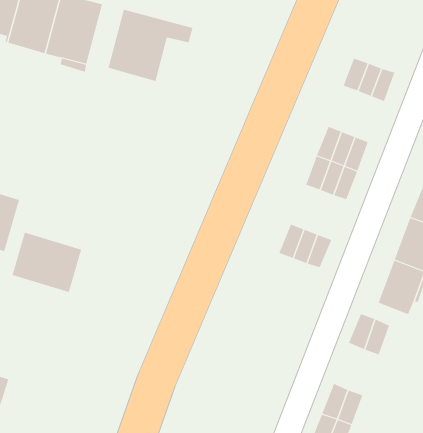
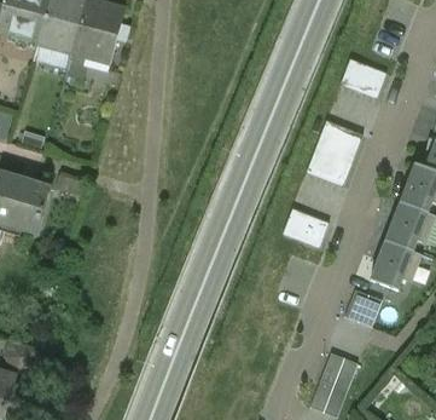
building: [108,9,193,82] -> none
building: [12,232,82,293] -> none

